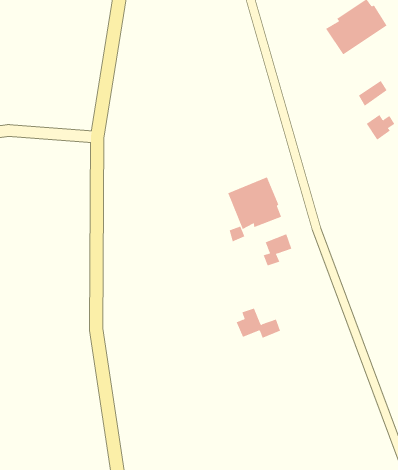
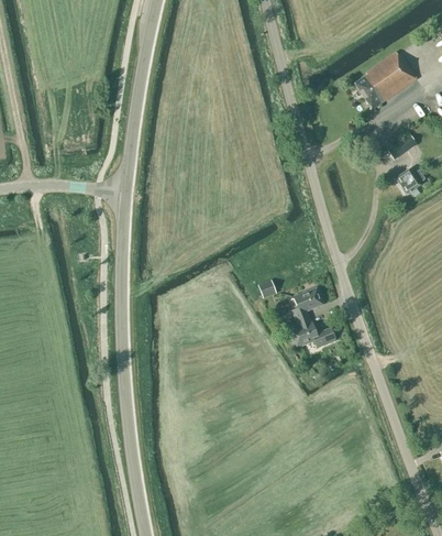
building: [228,176,282,230] -> none
building: [236,308,281,339] -> [291,316,336,347]

